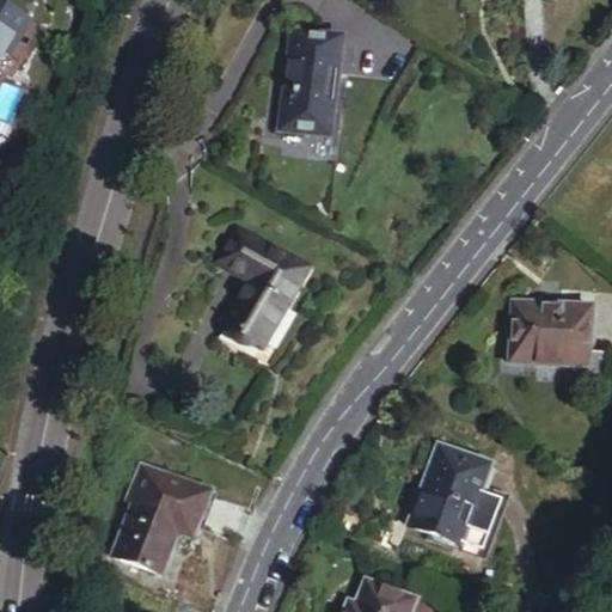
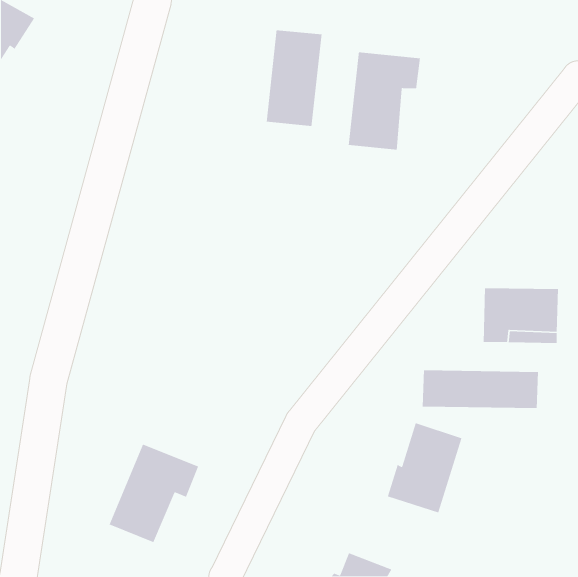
building: none -> [348,51,421,150]
building: [215,230,306,347] -> none
building: none -> [422,370,539,409]

